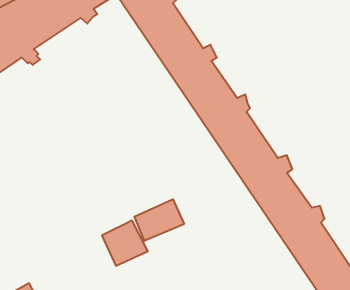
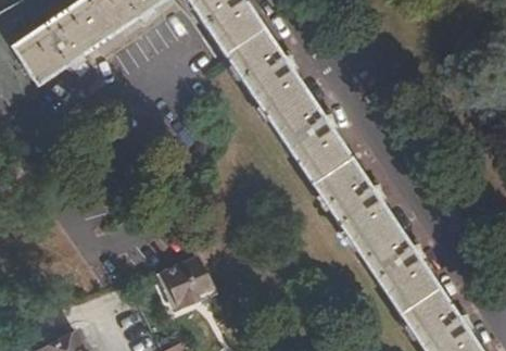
building: [134,199,184,241] -> none

